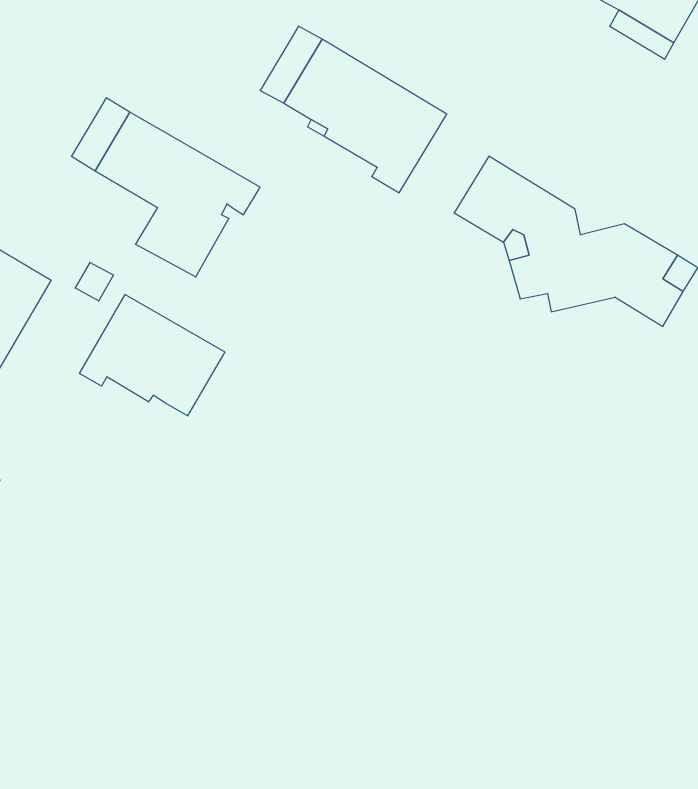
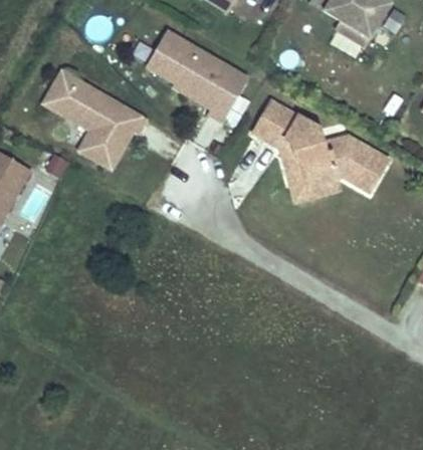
building: none -> [288,175,344,201]
building: [80,294,225,416] -> none

